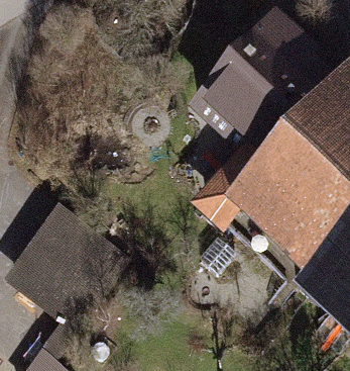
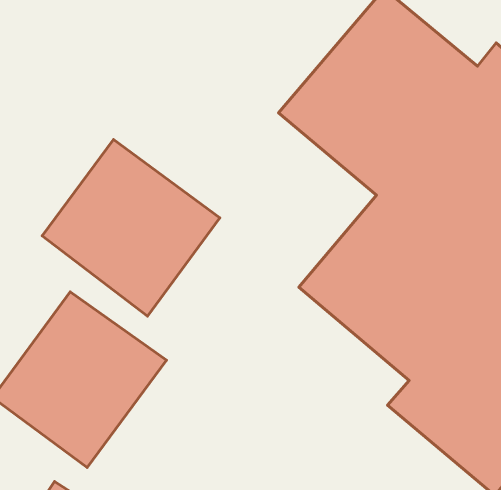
building: none -> [42,140,220,316]

